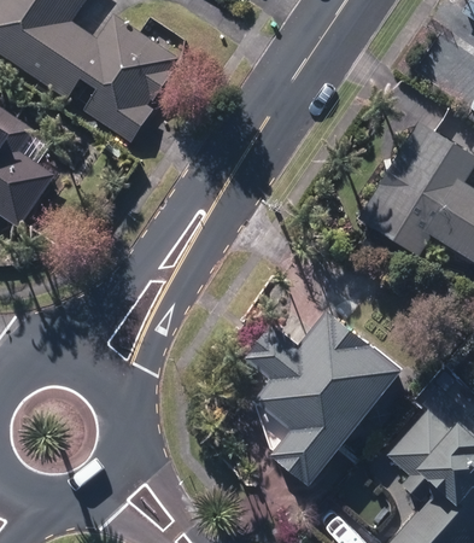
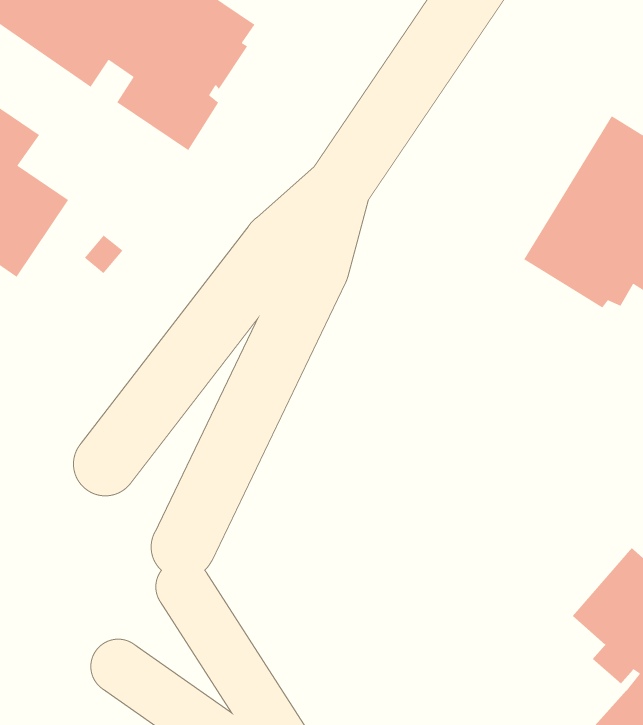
building: [245,310,399,481] -> none

